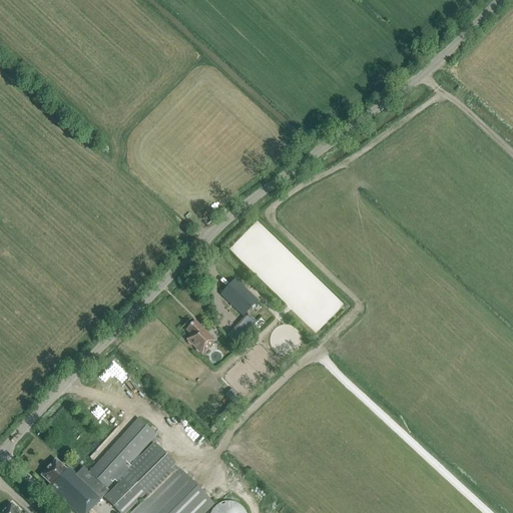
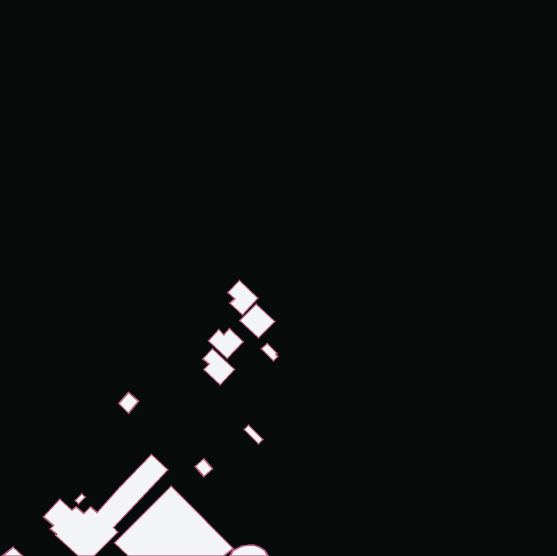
building: none -> [228,280,258,315]
building: none -> [209,329,243,359]

